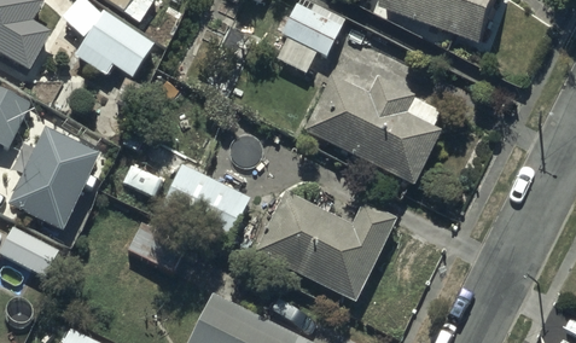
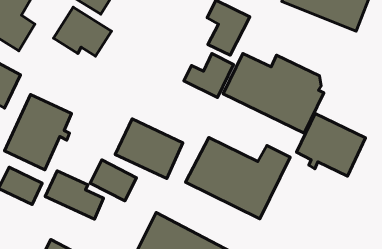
building: none -> [184,53,234,98]
building: none -> [296,113,366,176]
building: none -> [45,171,104,219]

